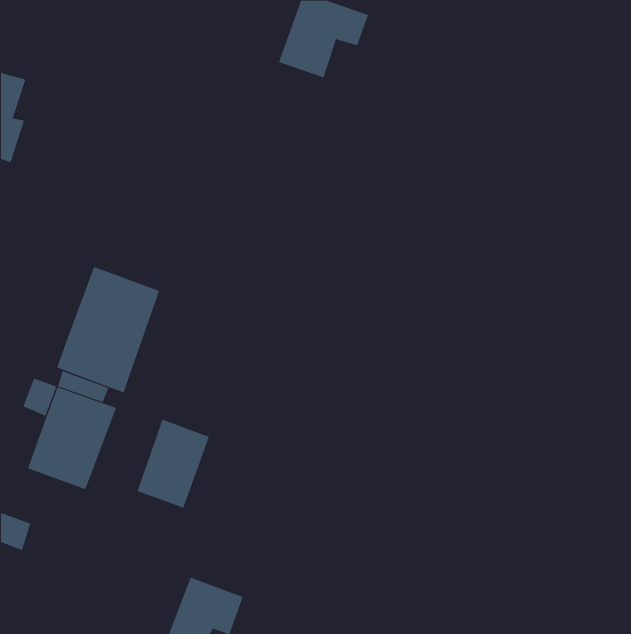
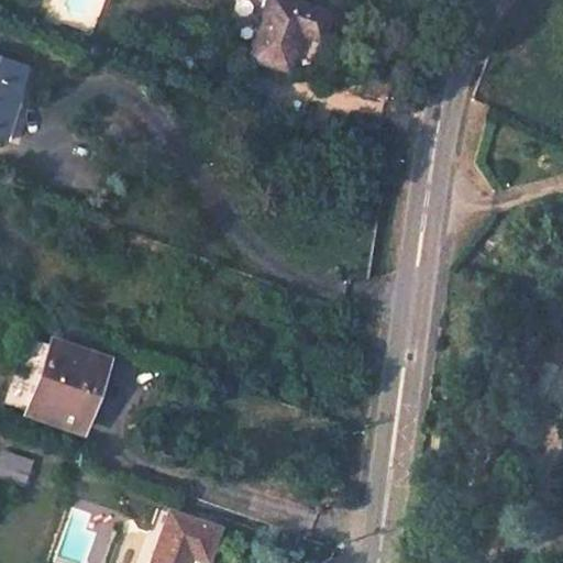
building: [57,266,160,393] -> none
building: [137,419,210,508] -> none

